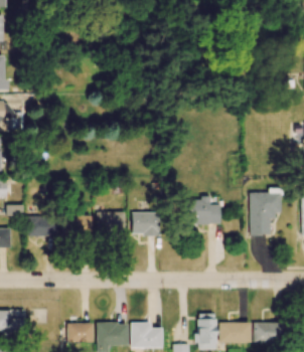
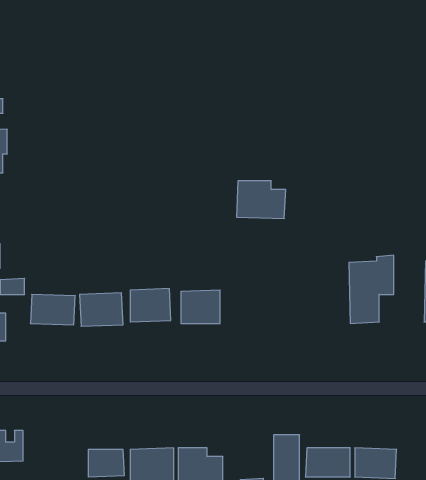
building: [185,198,219,224] -> [237,181,286,219]

